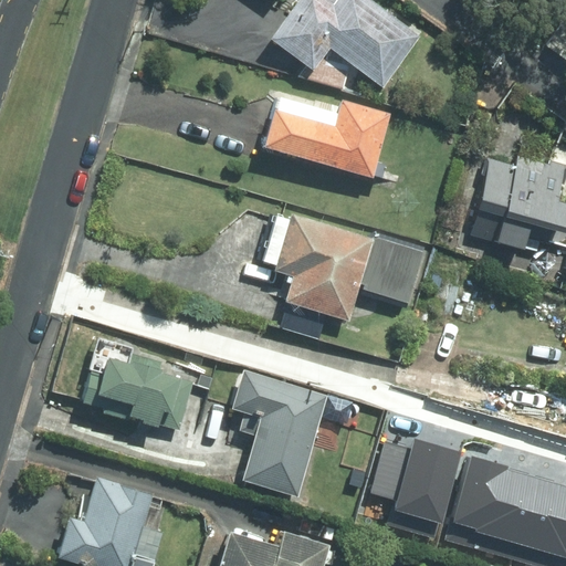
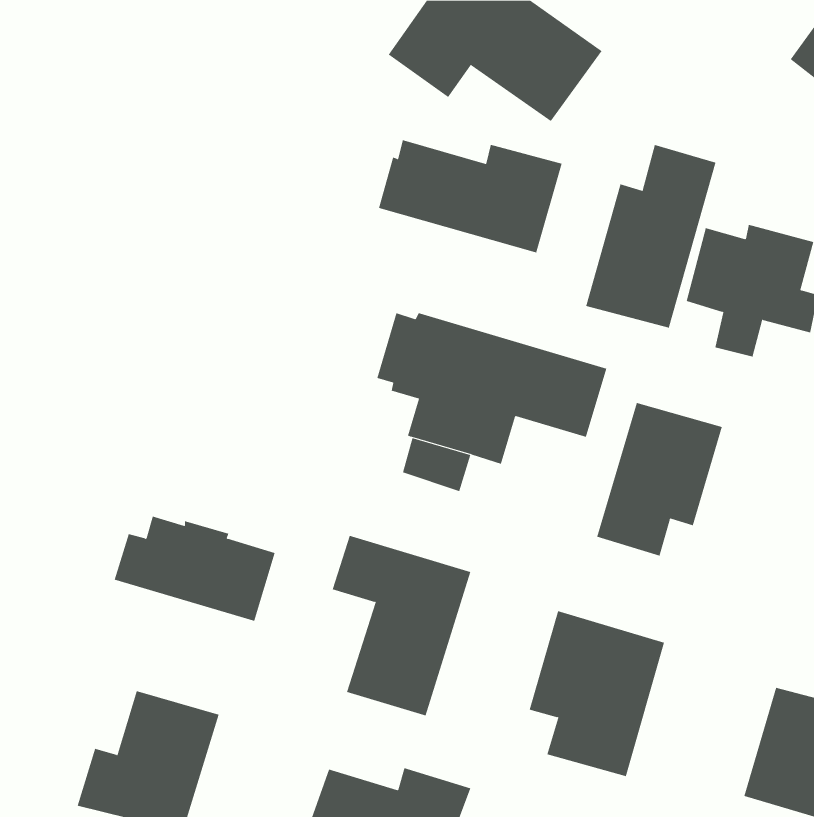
building: none -> [586,144,716,329]
building: none -> [596,402,722,556]
building: [451,455,538,551] -> none

